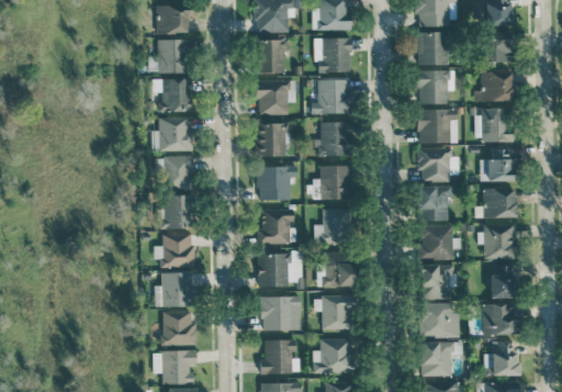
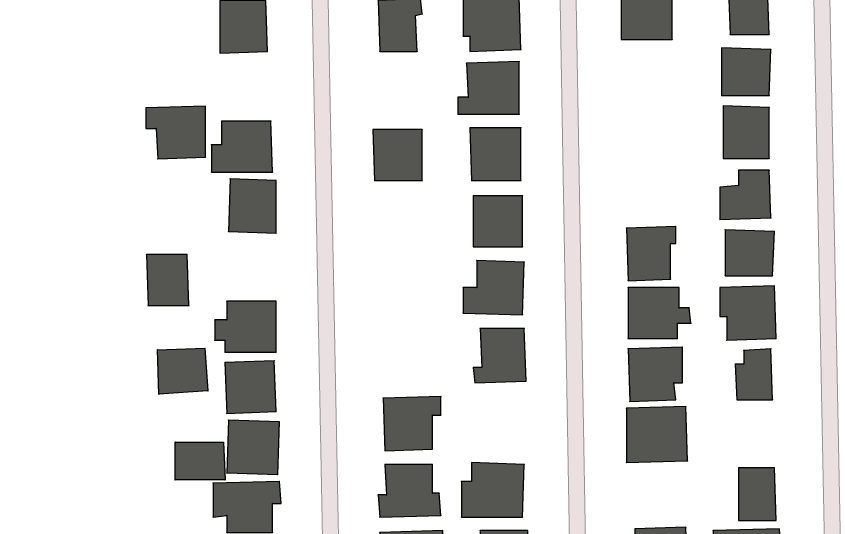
building: [417,70,454,104] -> none
building: [153,78,191,112] -> [146,106,205,159]
building: [256,80,295,114] -> none
building: [417,109,458,143] -> none
building: [418,147,459,181] -> none
building: [257,166,296,200] -> none
building: [164,195,191,228] -> [146,255,189,306]
building: [261,210,295,243] -> none
building: [262,251,302,287] -> none
building: none -> [157,348,208,394]
building: [322,295,356,329] -> none
building: [483,304,518,335] -> none
building: none -> [175,442,225,480]
building: [420,341,462,376] -> none

